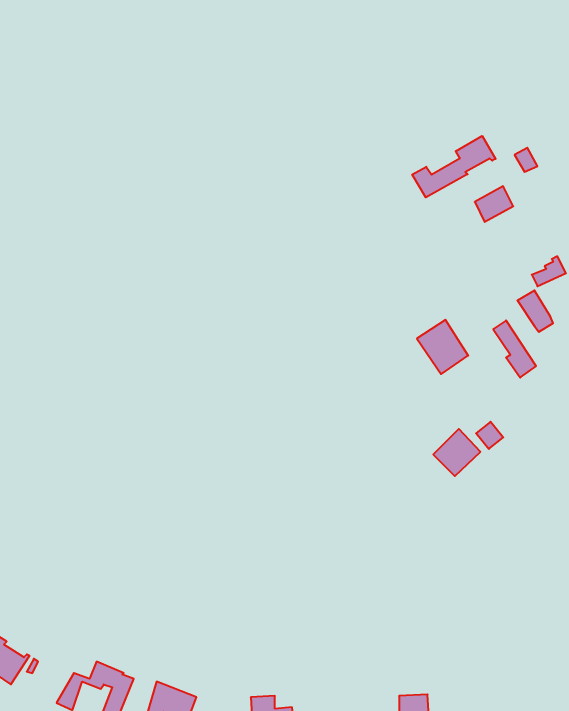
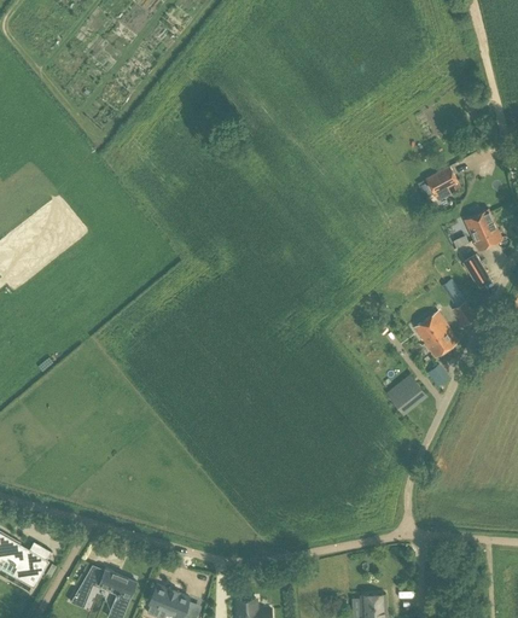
building: [412,136,496,197] -> none
building: none -> [464,210,495,241]
building: [417,320,468,374] -> [414,313,458,358]

